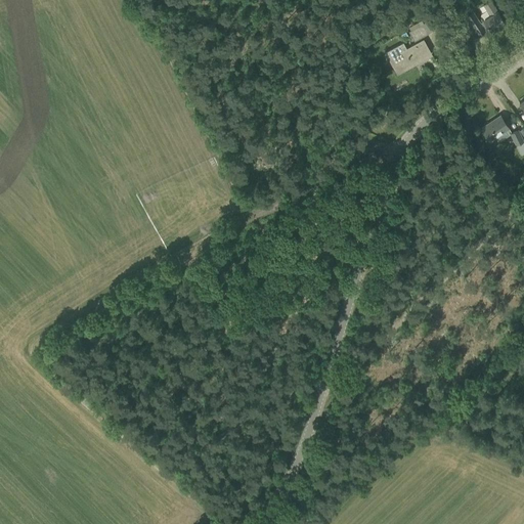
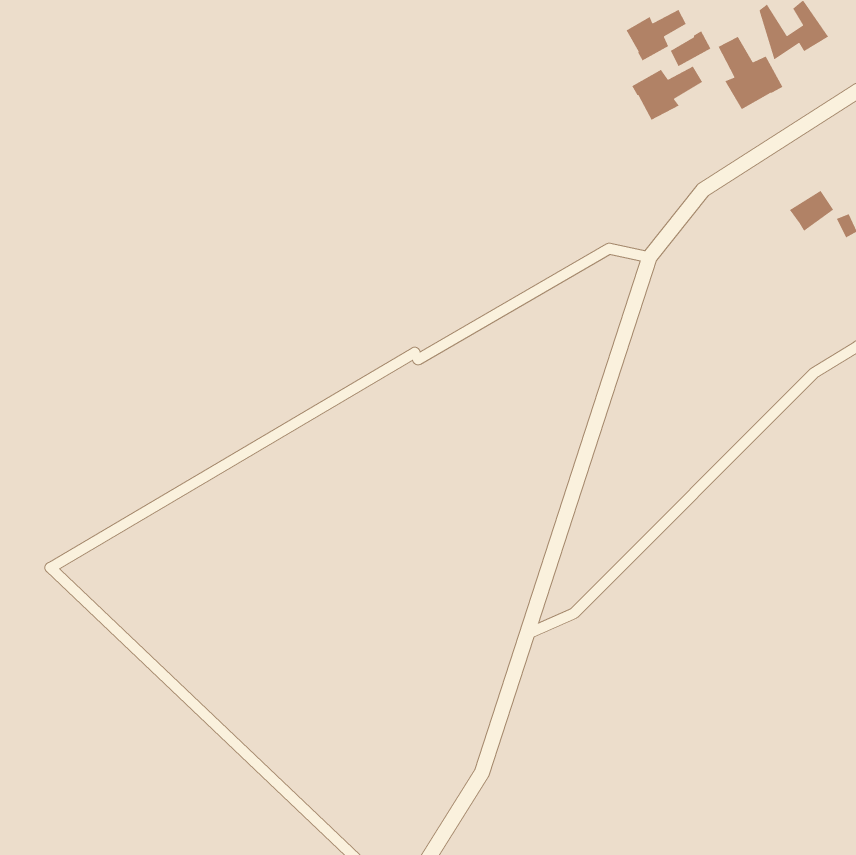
building: none -> [625,9,687,61]
building: none -> [717,36,784,110]

